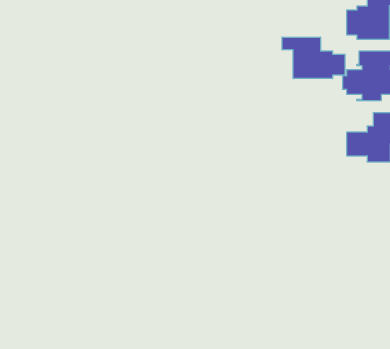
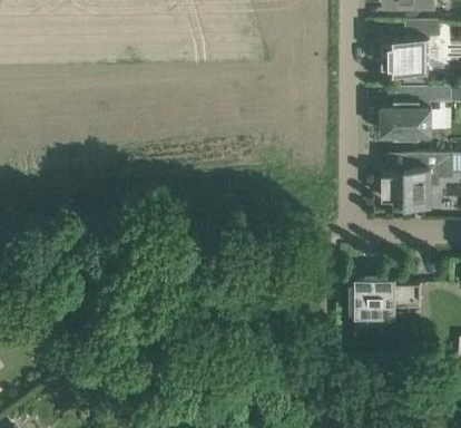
building: [282,37,345,79] -> none
building: none -> [352,278,419,330]

